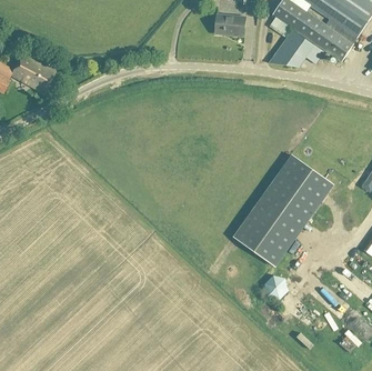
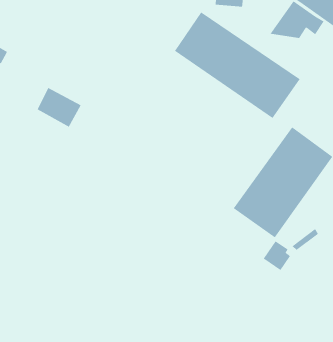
building: none -> [174,11,301,119]
building: [10,52,54,92] -> [37,87,82,127]

